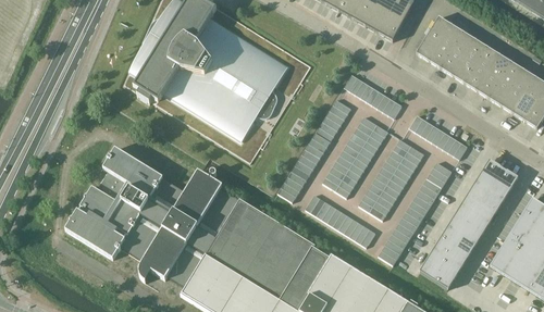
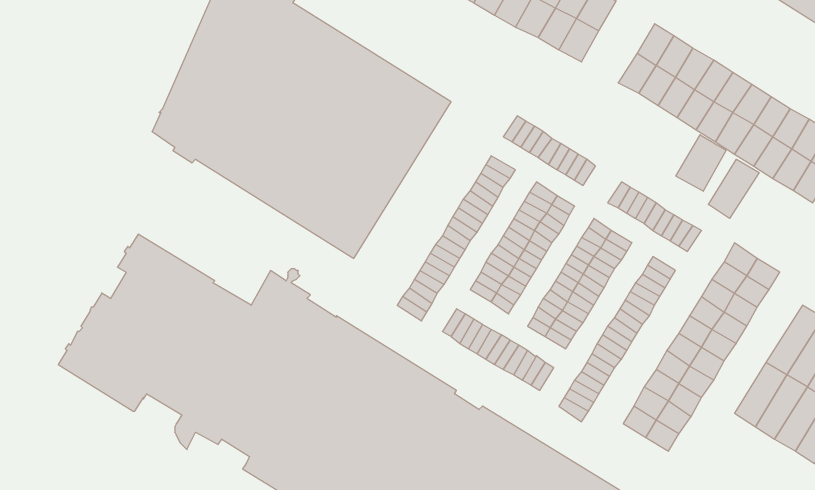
building: none -> [676,135,726,191]
building: none -> [708,159,759,218]

